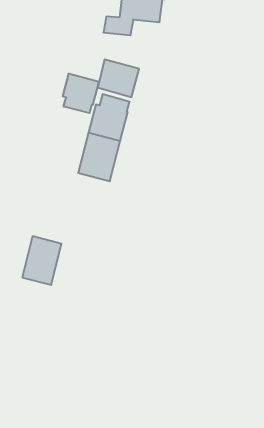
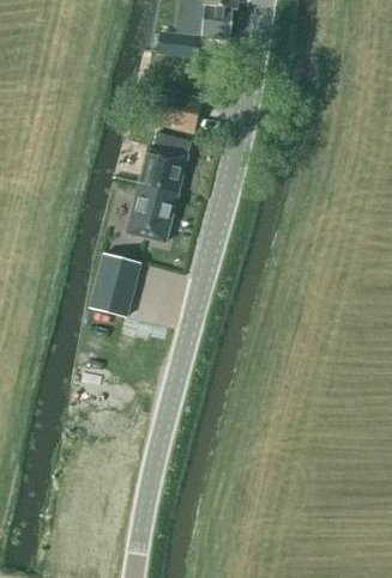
building: [63,74,99,113] -> none
building: [22,236,62,285] -> [90,253,140,315]

